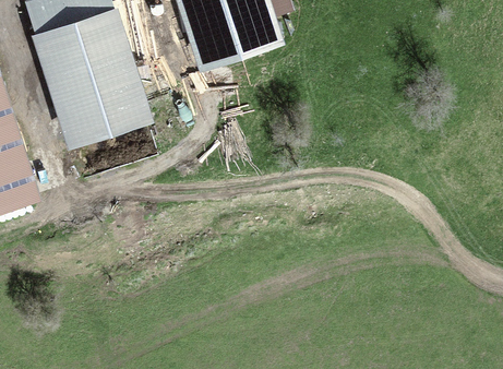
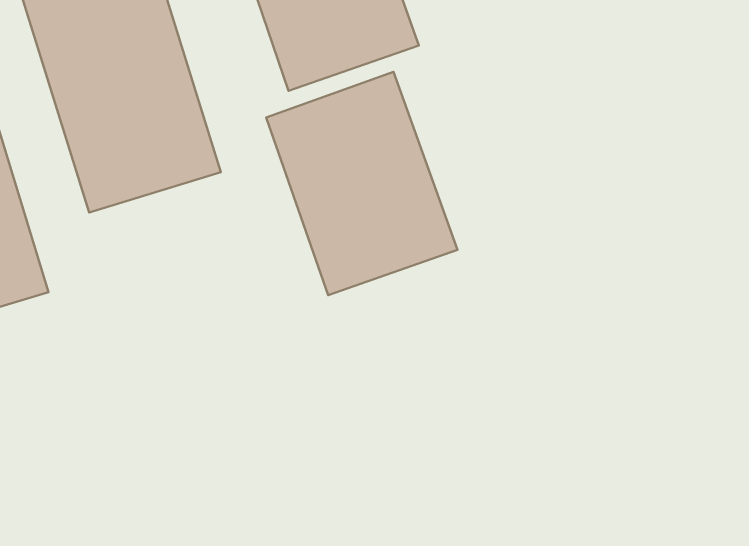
building: none -> [266,72,458,295]

